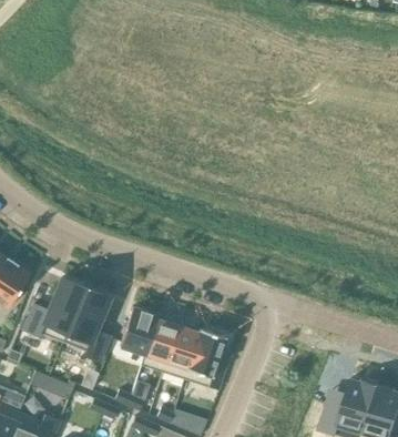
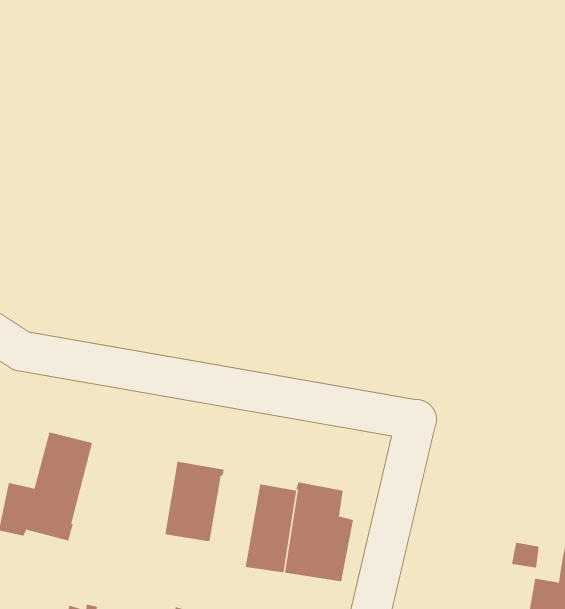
building: [68,287,111,360] -> none
building: [141,317,178,372] -> none

